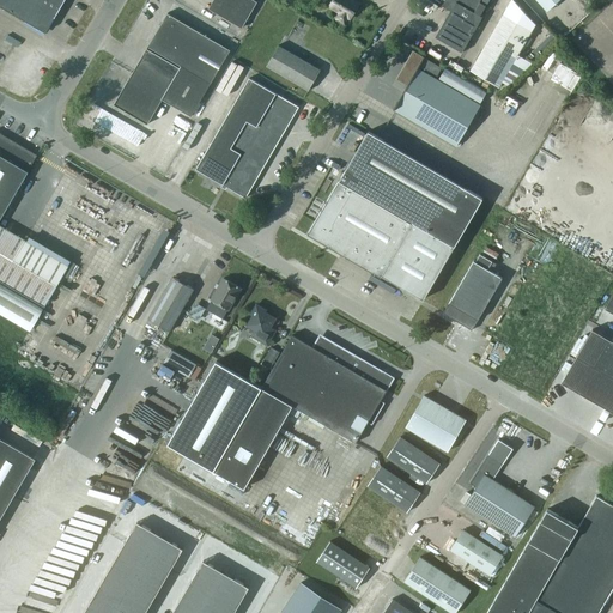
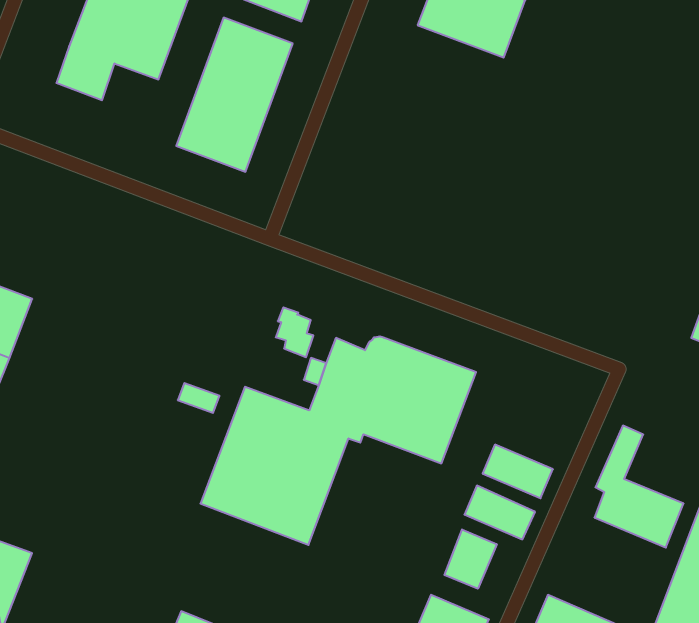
building: [309,131,482,299] -> none
building: [442,254,502,330] -> none
building: [148,278,194,332] -> none
building: [206,279,241,318] -> none
building: [405,395,466,451] -> none
building: none -> [444,529,497,589]
building: [449,530,503,576] -> none

